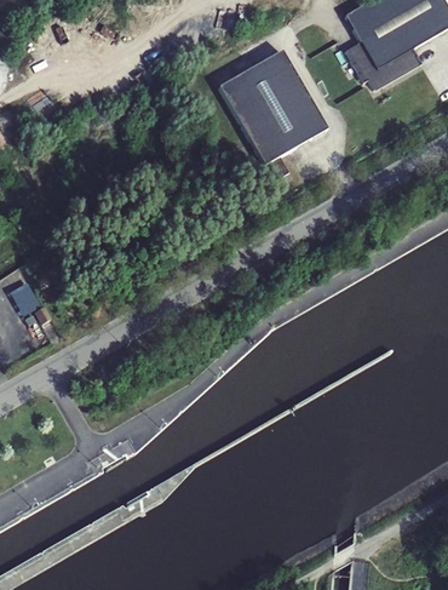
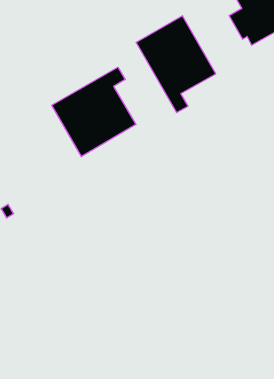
building: none -> [52,67,136,157]

